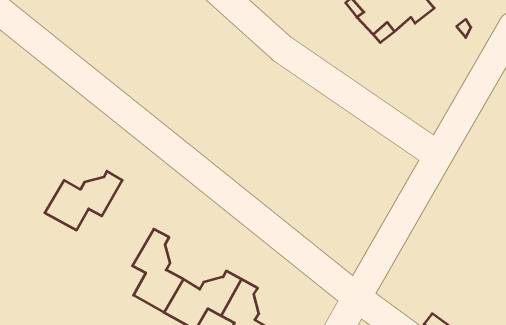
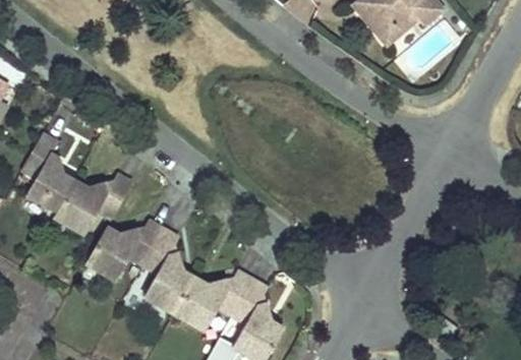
building: none -> [20,133,73,208]
building: none -> [84,221,163,281]

